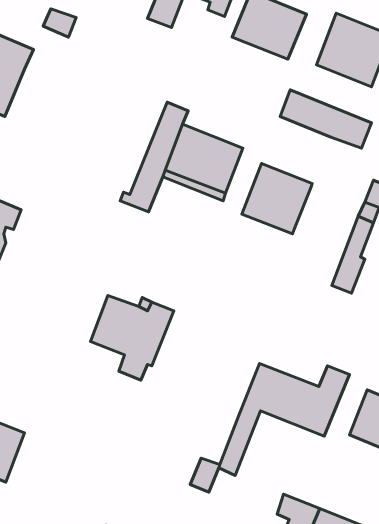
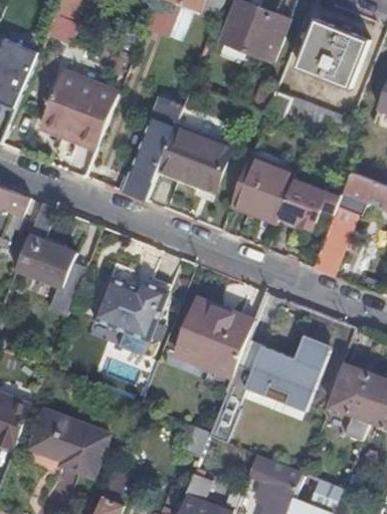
building: none -> [40,71,117,147]
building: none -> [278,178,326,224]
building: none -> [15,203,83,301]
building: none -> [175,297,253,388]
building: none -> [30,412,108,477]

